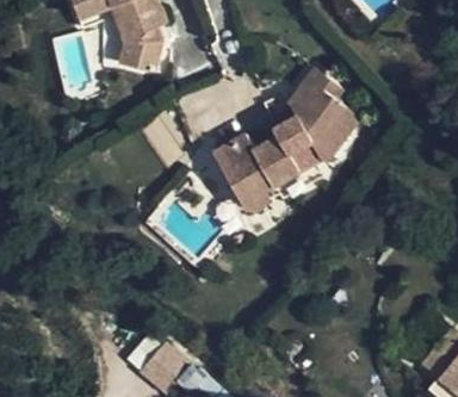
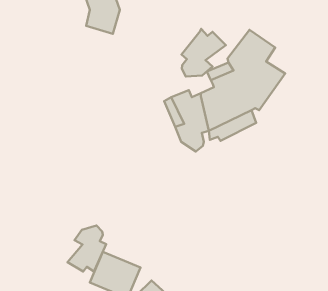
building: none -> [181,29,226,76]
building: none -> [68,225,106,272]

